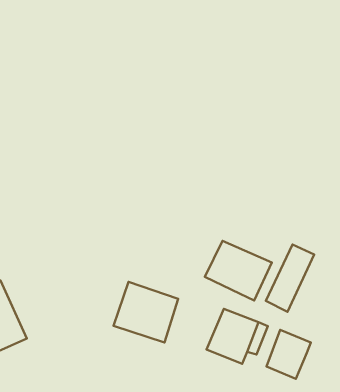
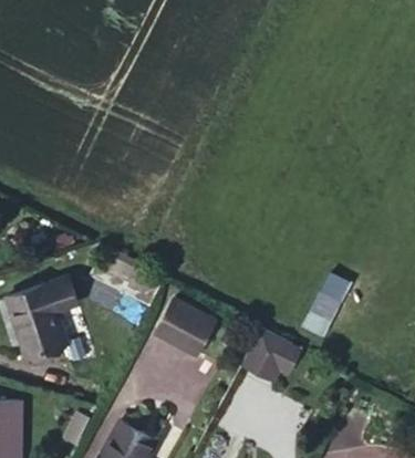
building: [205,241,272,300] -> none
building: [266,330,311,379] -> none

